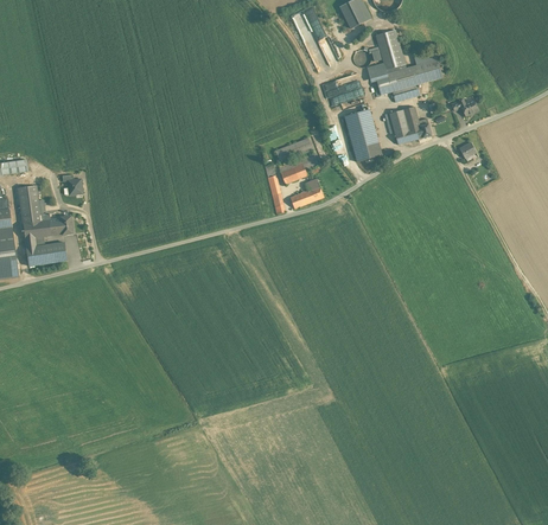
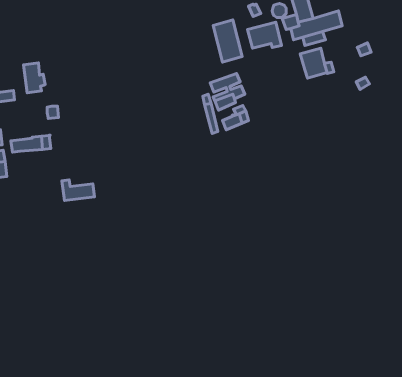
building: [344,108,381,161] -> [213,20,242,62]
building: [17,185,44,223] -> [24,63,45,93]
building: [24,236,65,262] -> [62,180,95,201]

